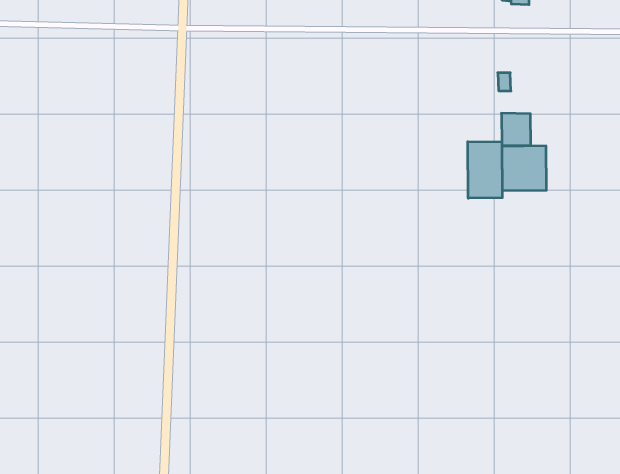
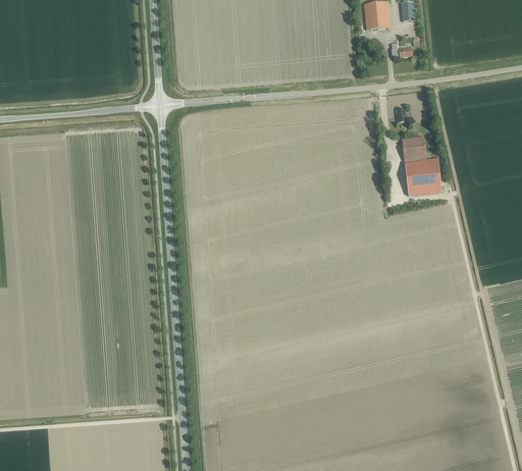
building: [468,141,502,198] -> none

